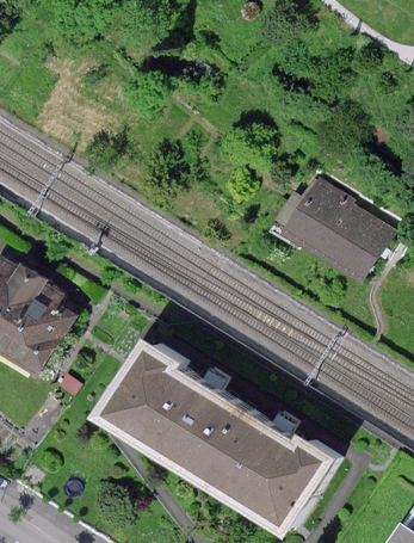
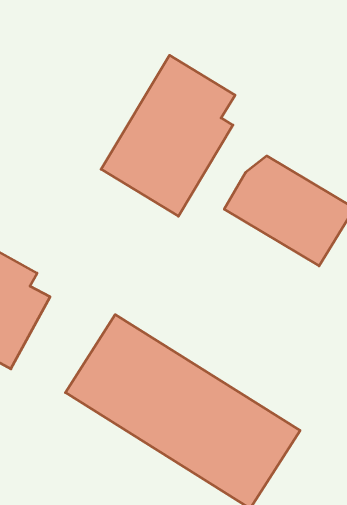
building: none -> [101,55,235,216]

